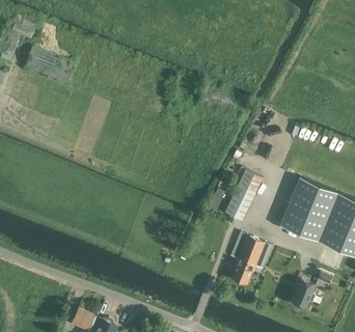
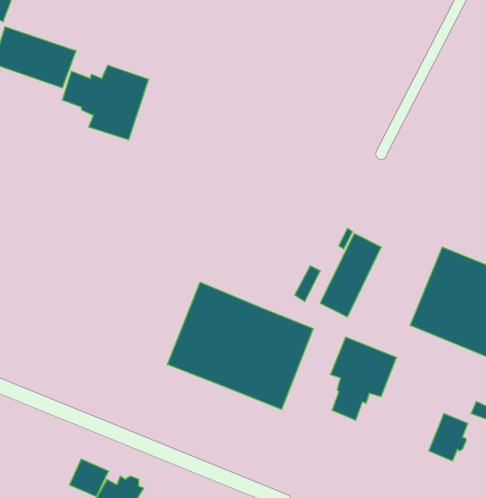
building: none -> [62,65,149,140]
building: none -> [167,282,313,409]

